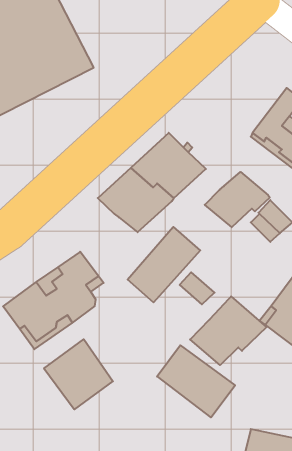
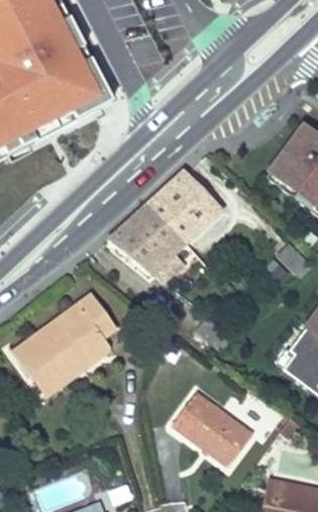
building: [205,172,270,227] -> none
building: [128,227,200,302] -> none
building: [190,296,266,365] -> none
building: [44,339,113,409] -> none

